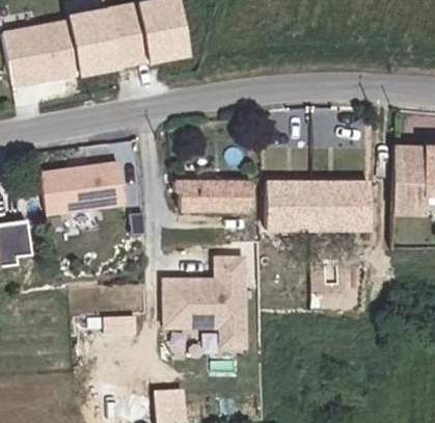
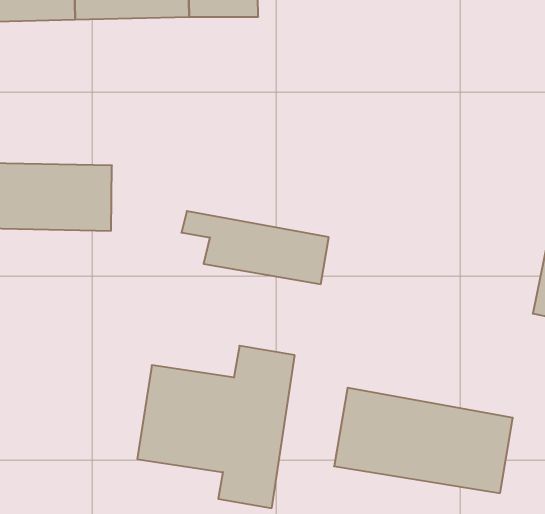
building: [261,176,363,224] -> [334,388,513,493]

